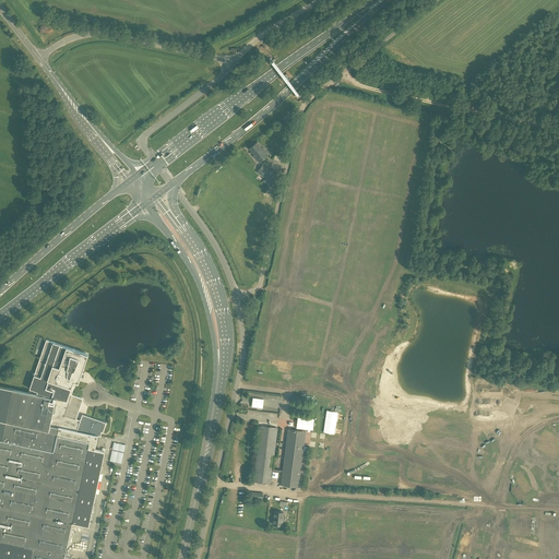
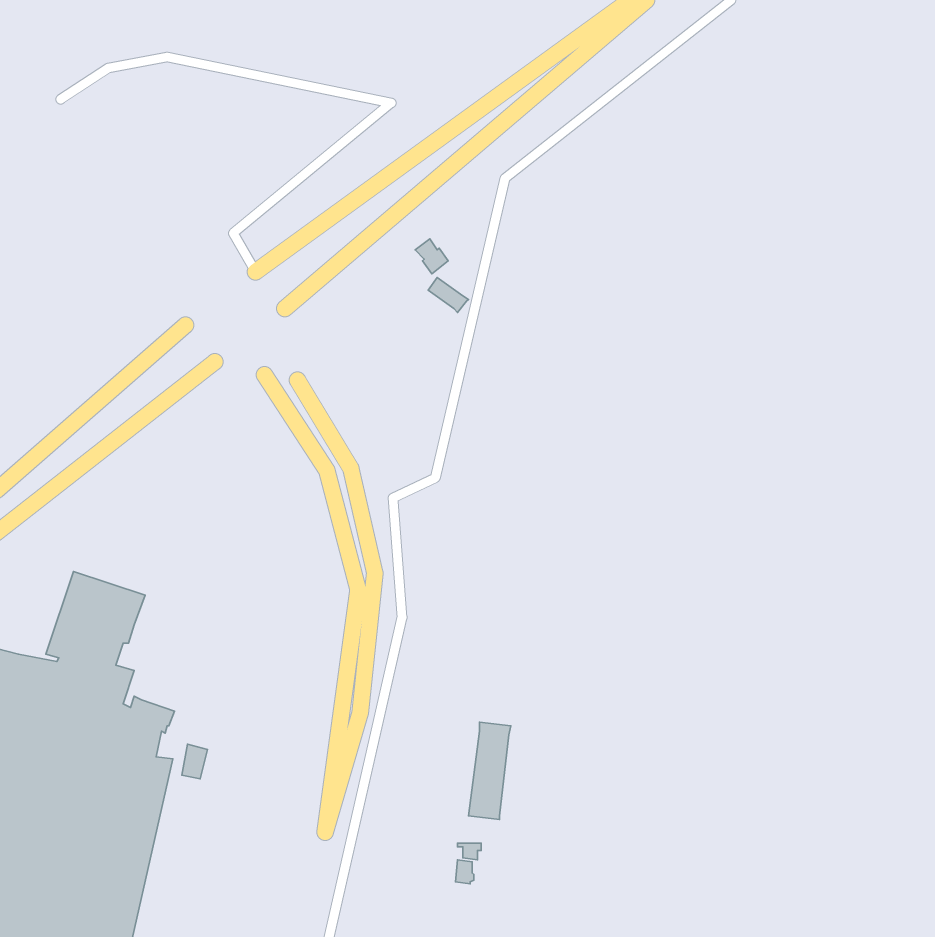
building: [250,427,275,485] -> none

